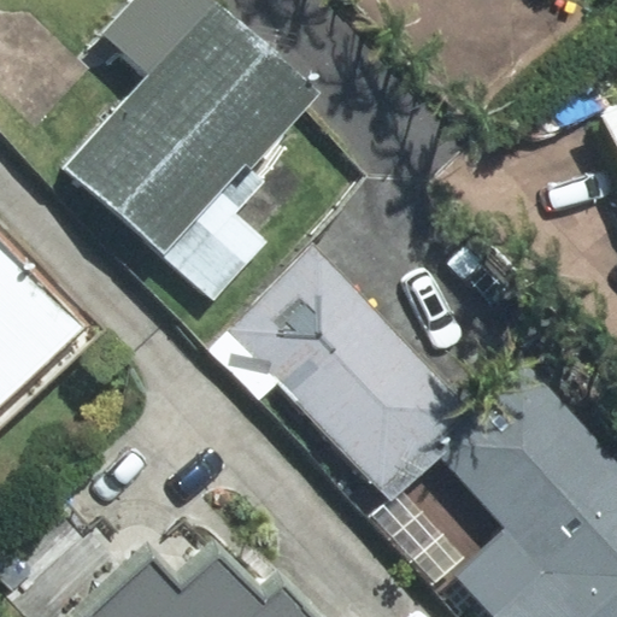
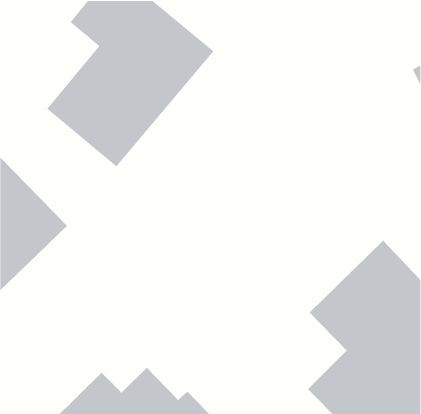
building: [223,249,480,505] -> none

